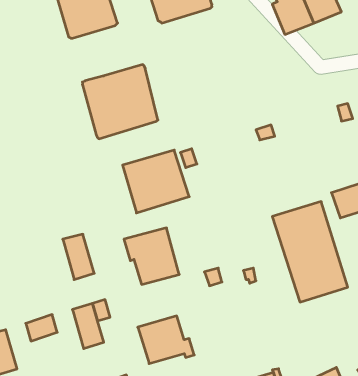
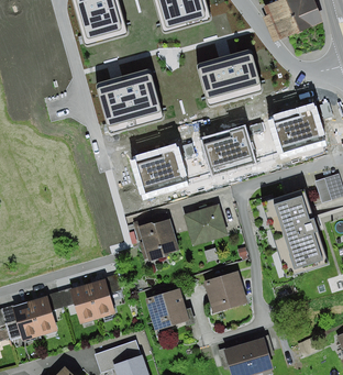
building: none -> [197,49,261,106]
building: none -> [267,102,325,157]
building: none -> [198,123,257,178]
building: none -> [184,203,225,244]
building: [63,234,94,280] -> [69,283,97,322]
building: none -> [202,271,246,312]
building: none -> [29,295,56,334]

